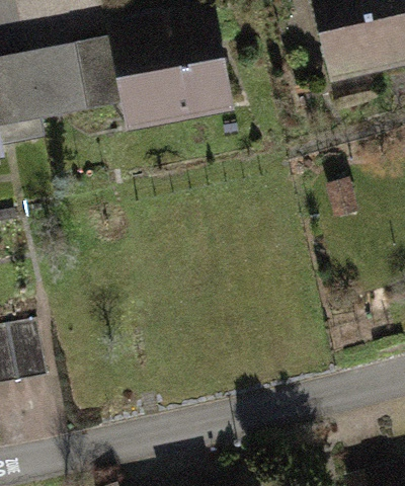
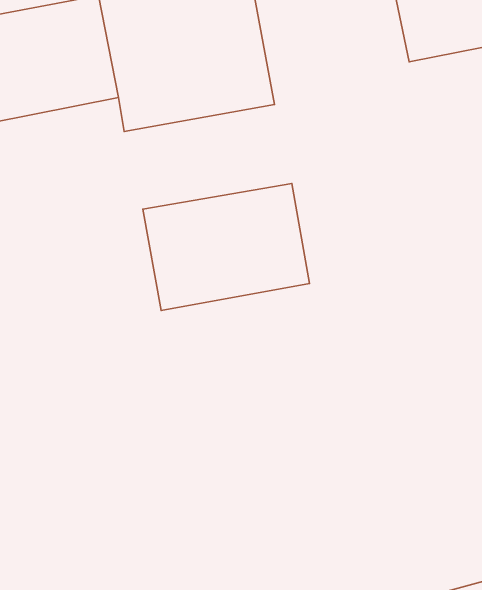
building: none -> [143,184,310,310]

